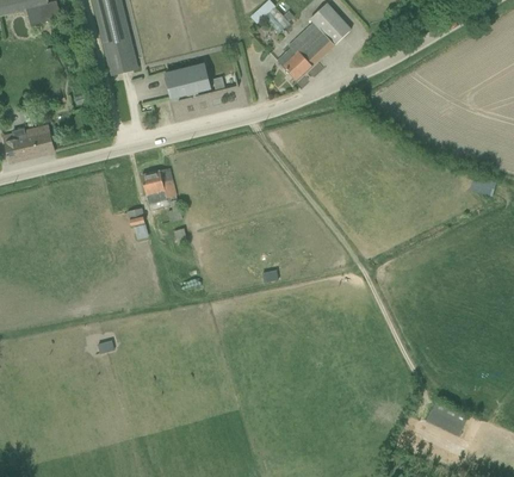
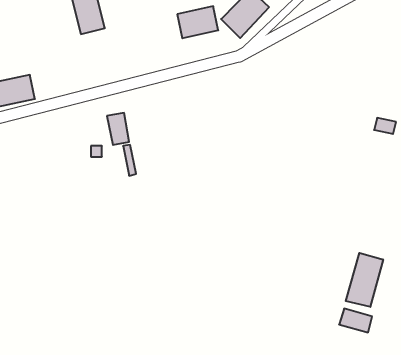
building: [167,60,216,98] -> [177,6,218,38]
building: none -> [346,253,383,307]

